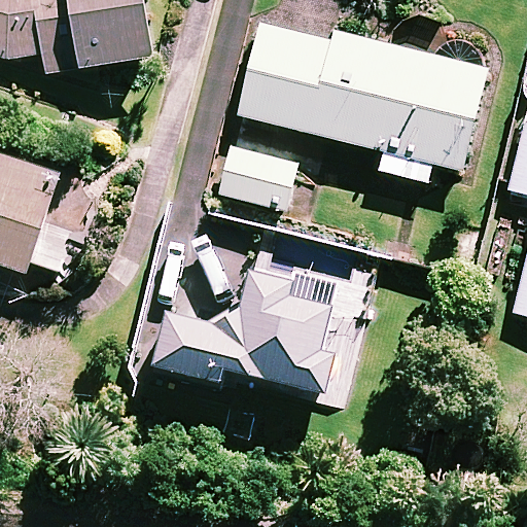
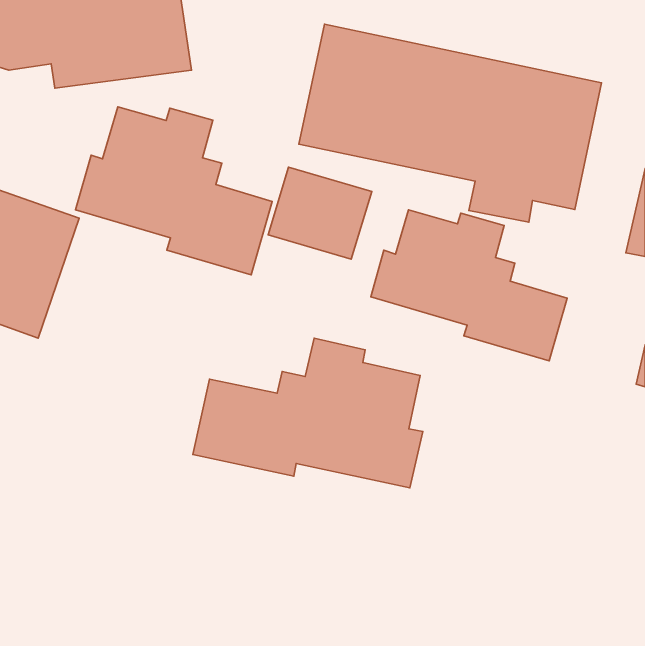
building: none -> [76,107,272,275]
building: none -> [371,210,567,361]

